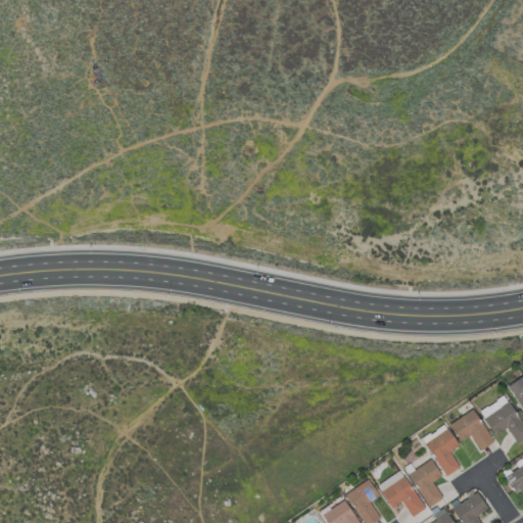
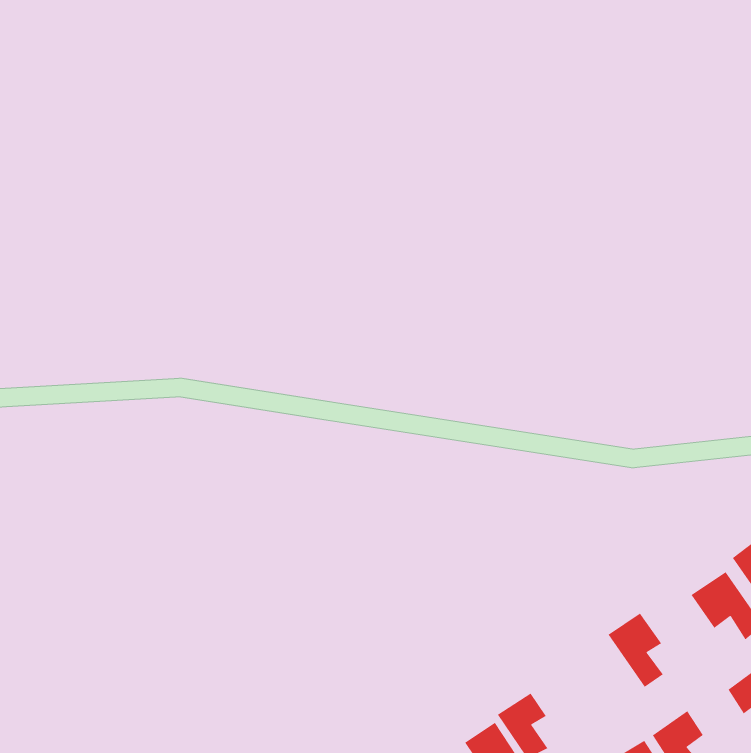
building: [450,410,495,451] -> none
building: [410,460,444,508] -> none
building: [379,471,426,518] -> none

